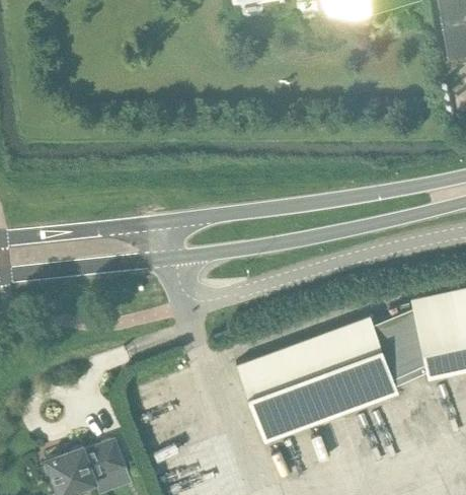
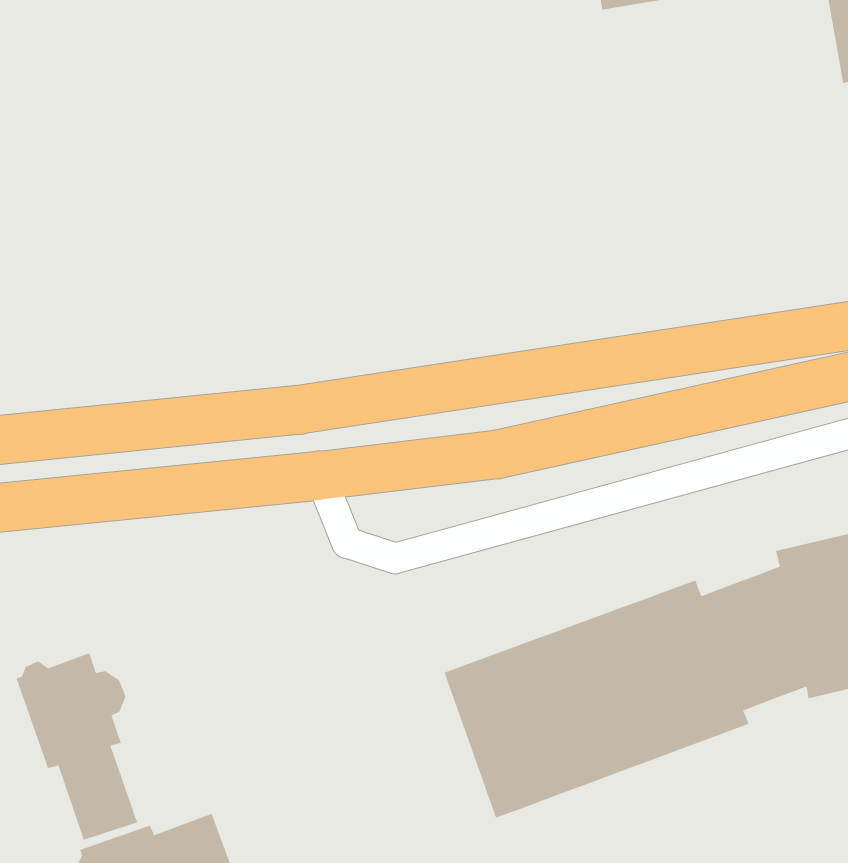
building: none -> [16,652,138,841]

